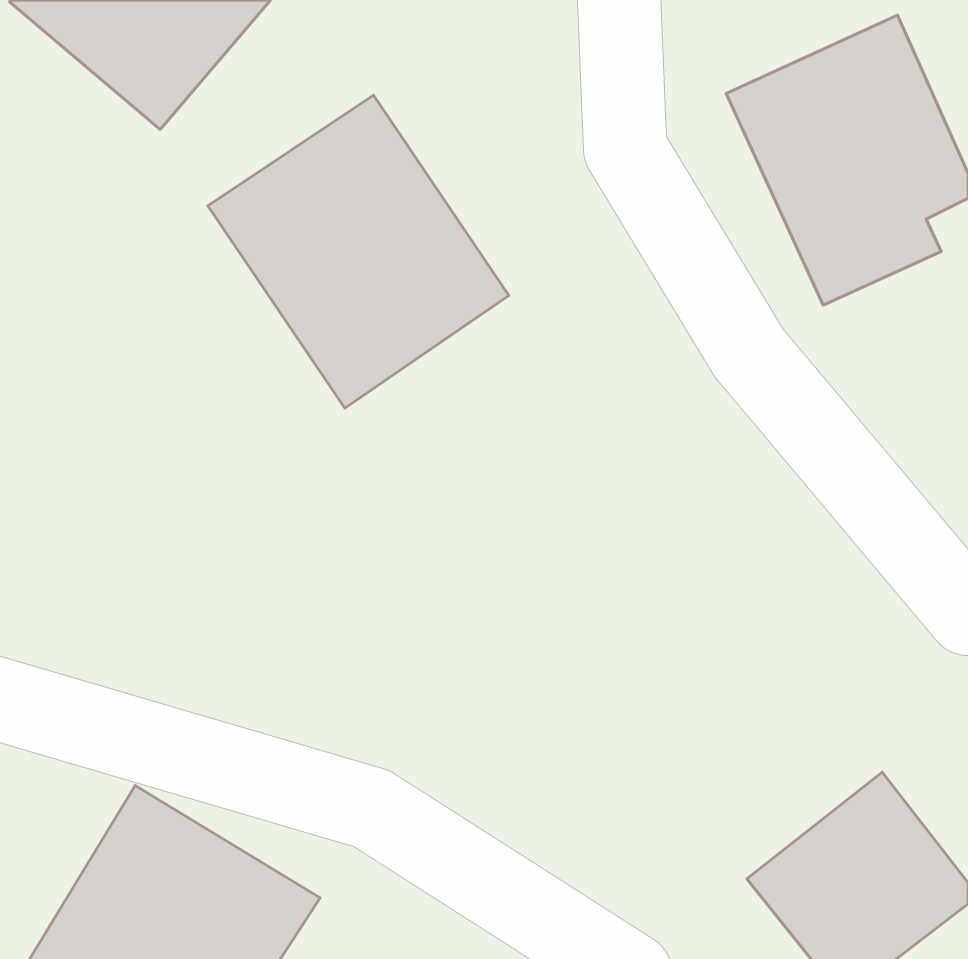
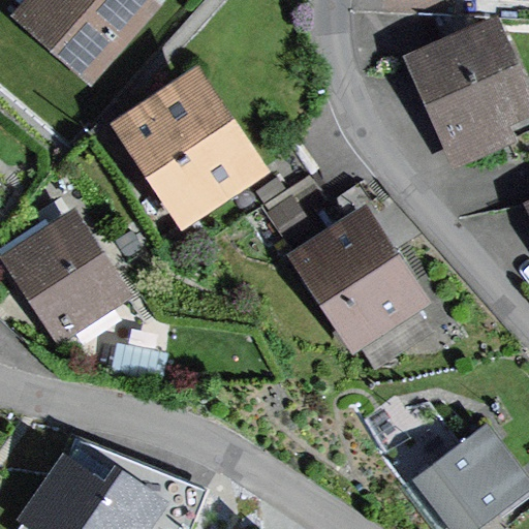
building: none -> [283,197,435,366]
building: none -> [4,208,136,345]

